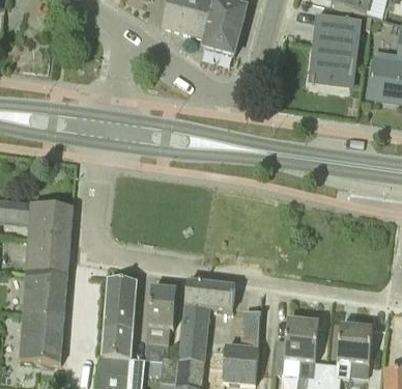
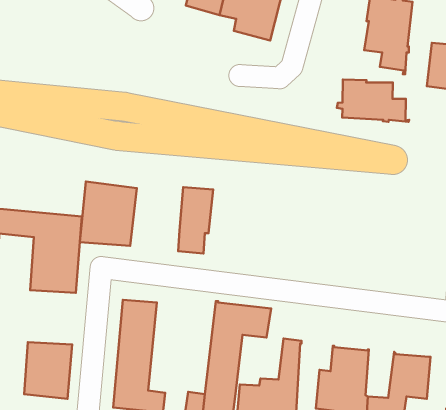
building: none -> [337,80,409,122]
building: none -> [80,182,137,246]
building: [26,270,67,316] -> none
building: [147,287,177,344] -> [178,187,213,254]

